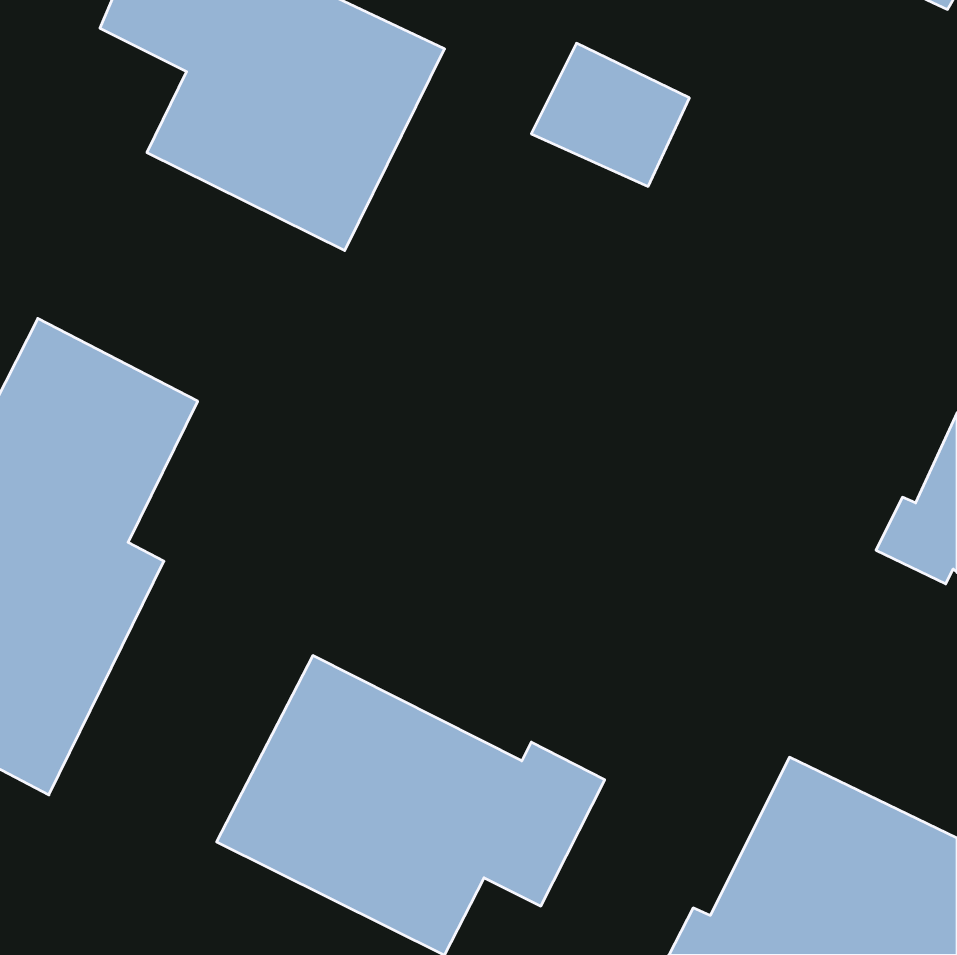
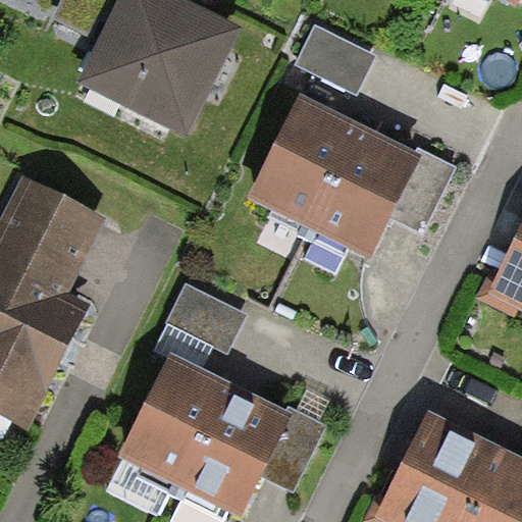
building: none -> [246,95,455,261]
building: none -> [162,280,246,353]

